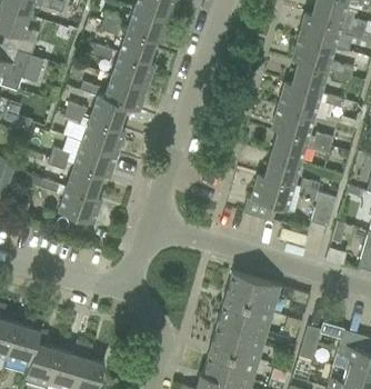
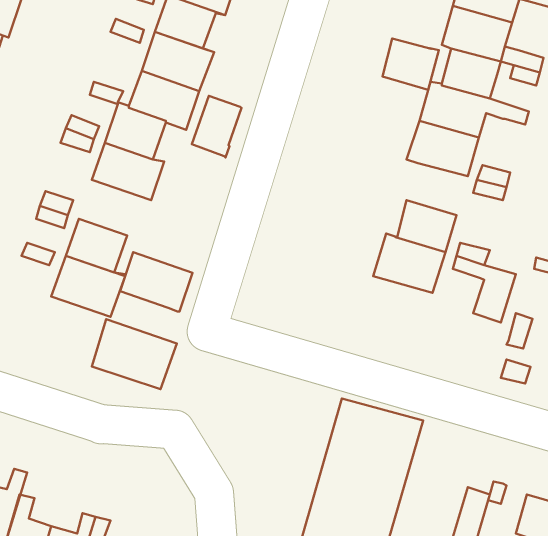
building: none -> [383,38,439,90]
building: none -> [192,96,241,157]
building: [271,131,308,162] -> none
building: [74,141,118,177] -> [120,252,192,312]
building: none -> [92,319,177,389]

